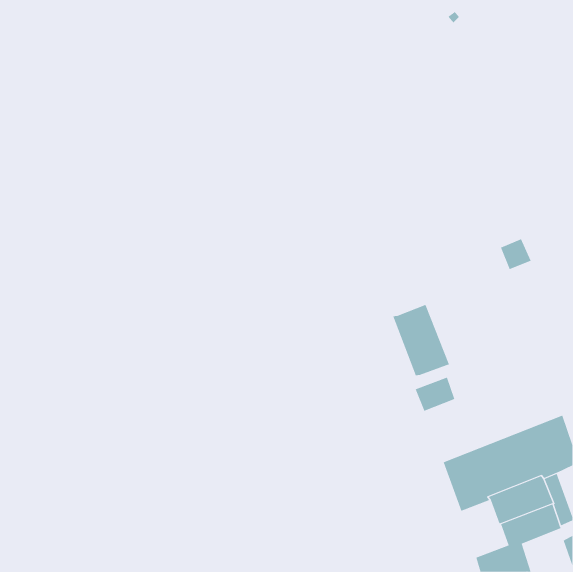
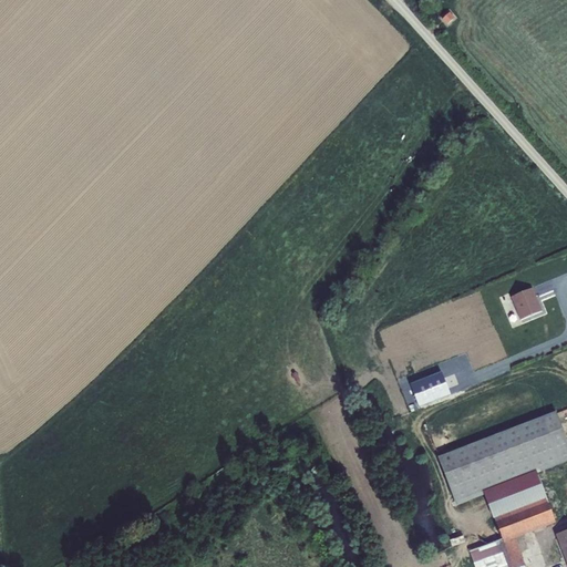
building: [500,239,531,270] -> [511,287,542,318]
building: [393,304,450,376] -> none

